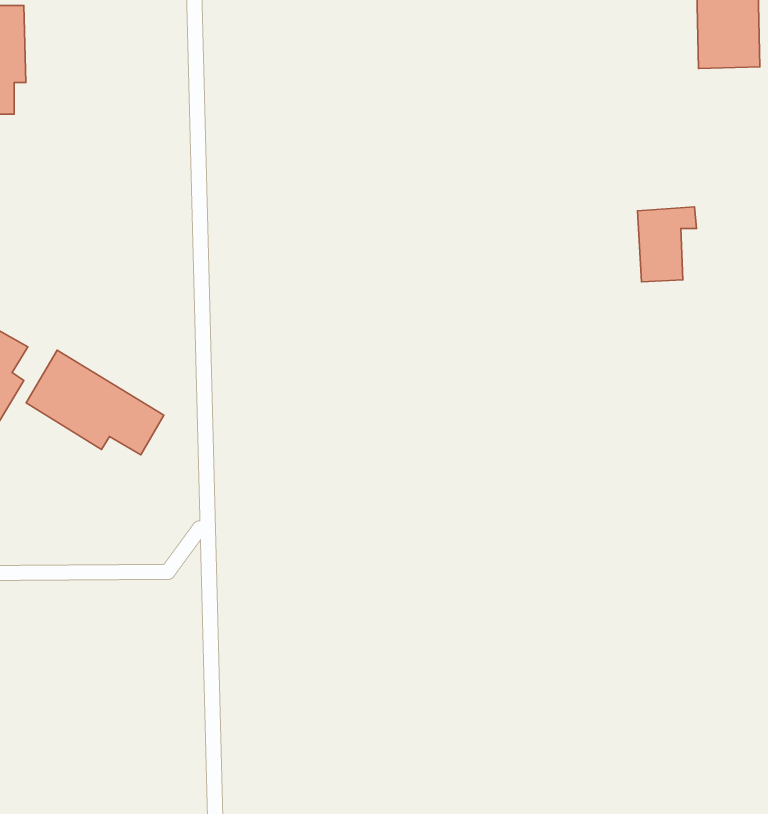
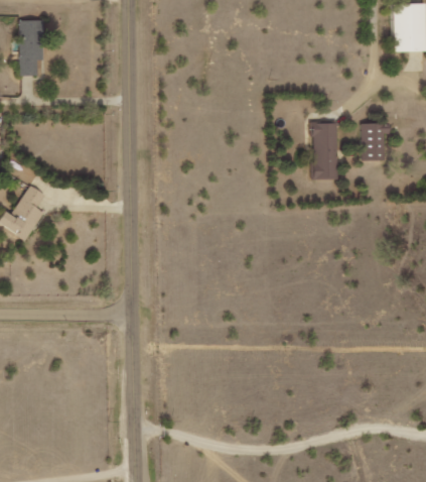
building: none -> [310,123,334,177]
building: [26,350,164,455] -> none

